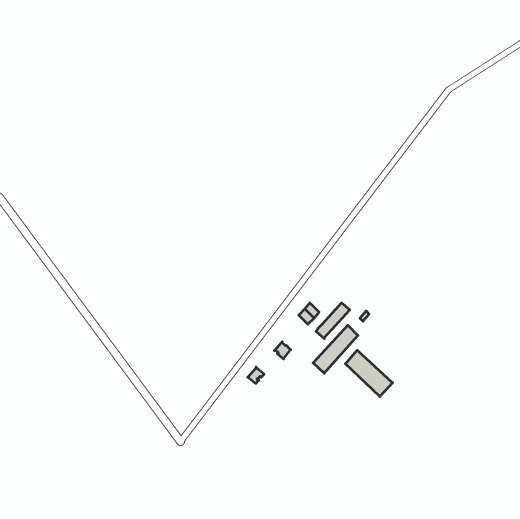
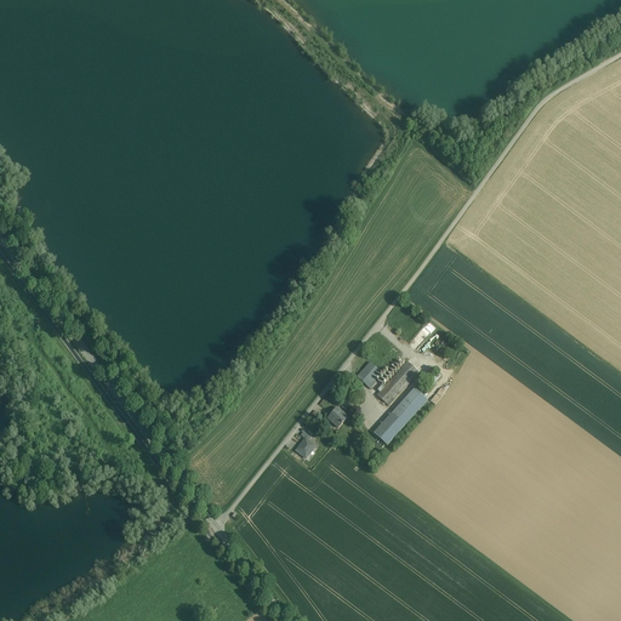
building: [345,350,393,397] -> none

